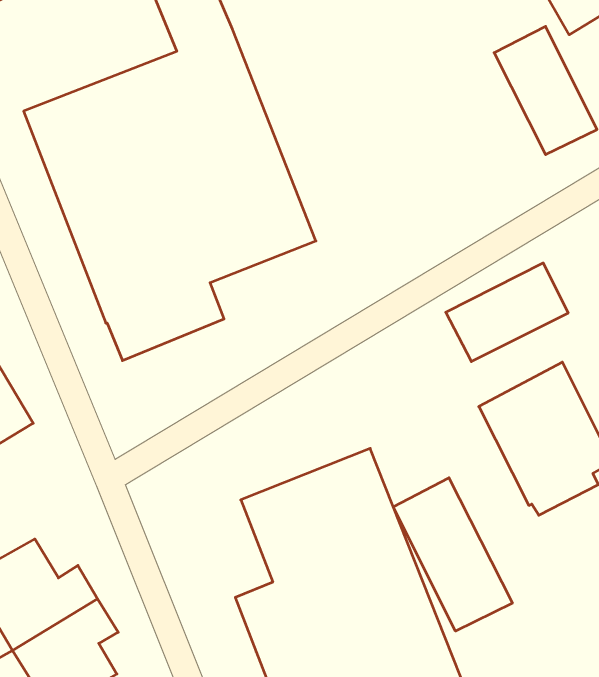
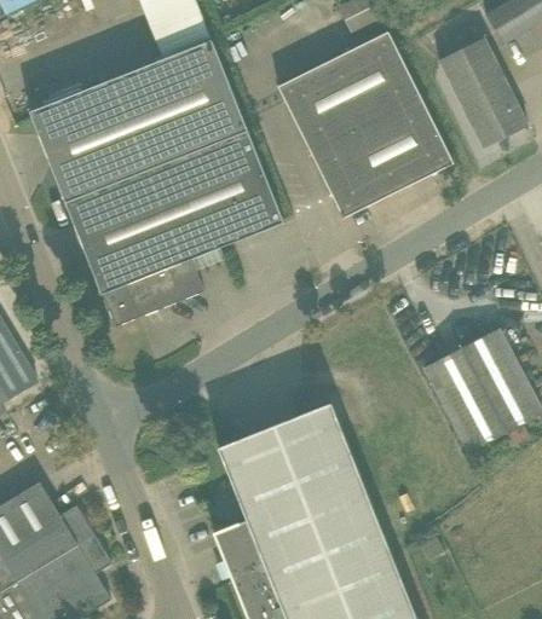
building: none -> [277,30,452,218]
building: [446,263,568,362] -> none
building: [393,478,512,631] -> none

